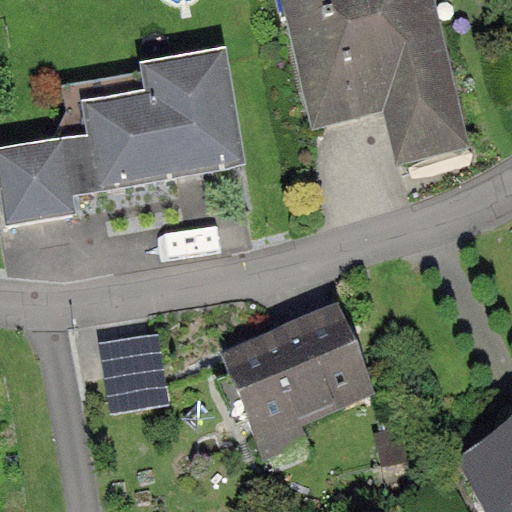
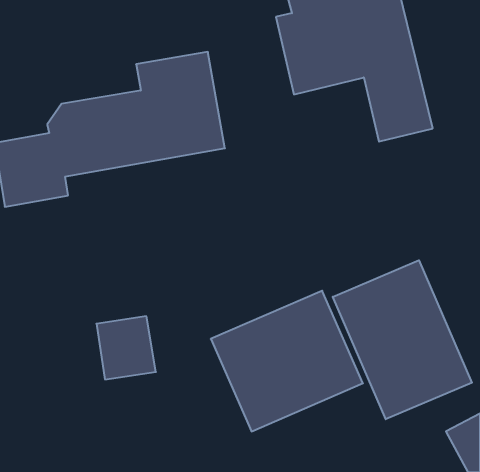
building: none -> [333,260,472,419]

